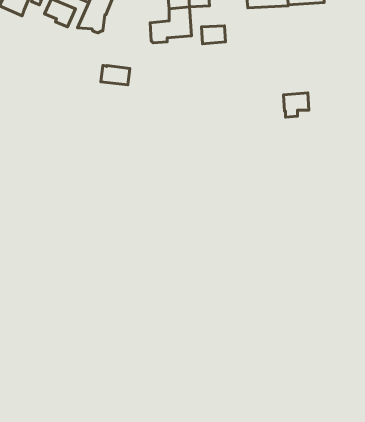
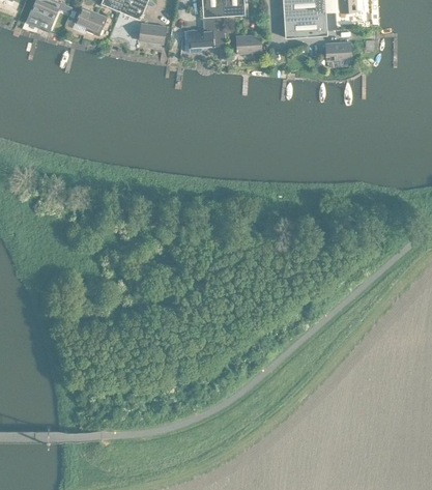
building: none -> [284,13,327,37]
building: [101,66,130,85] -> [135,23,165,42]
building: [284,93,309,117] -> [325,41,351,66]

